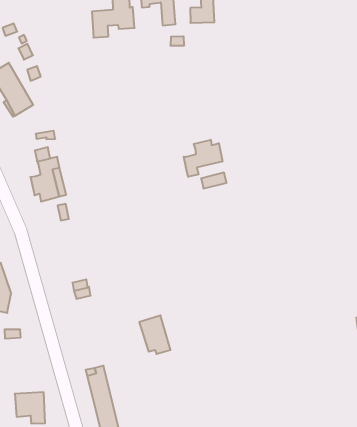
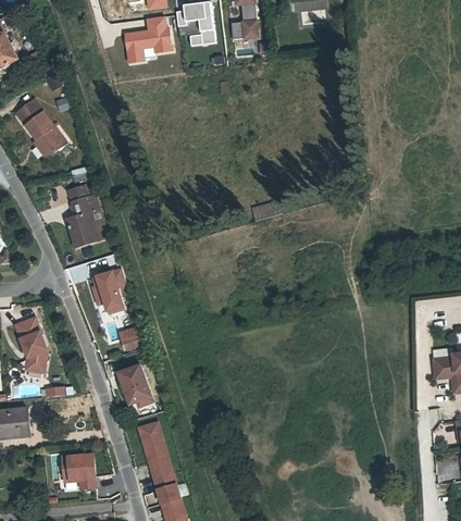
building: [184,140,222,177] -> none
building: none -> [91,271,124,315]
building: [139,315,171,354] -> [116,365,152,408]

